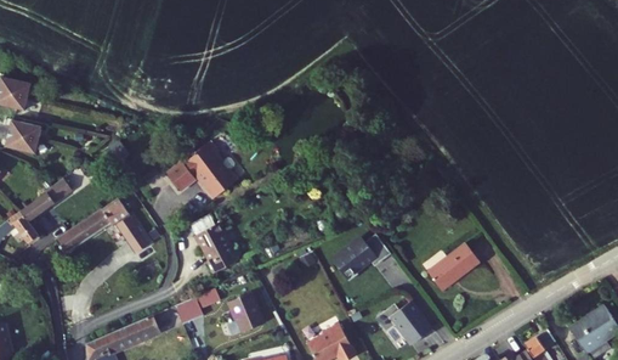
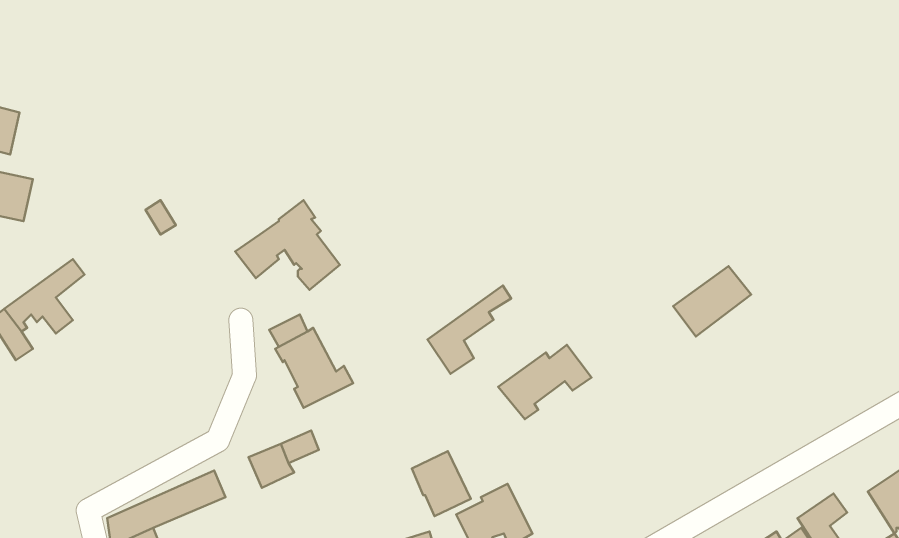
building: none -> [428,286,511,374]
building: [55,198,155,257] -> none
building: [427,244,477,289] -> [673,266,751,336]
building: [226,291,263,332] -> [412,451,471,516]
building: [378,300,432,342] -> none

